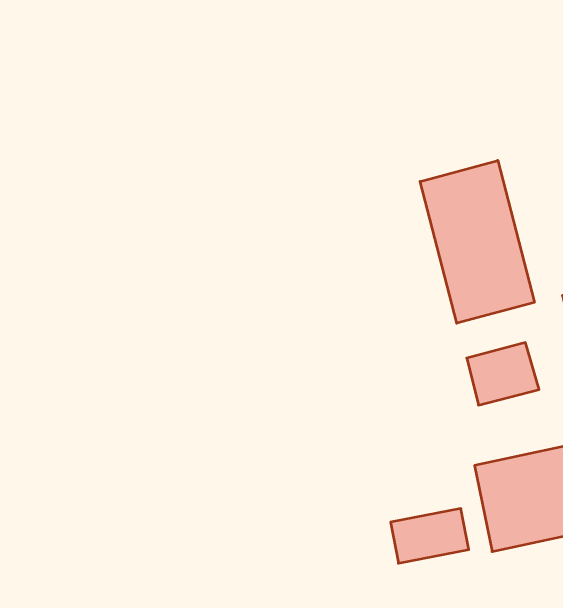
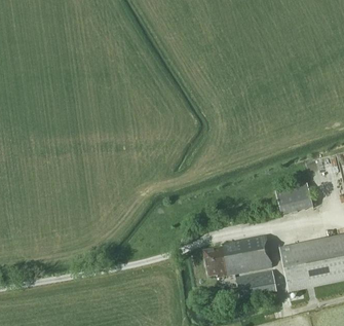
building: [420,160,534,323] -> none
building: none -> [204,234,272,277]

